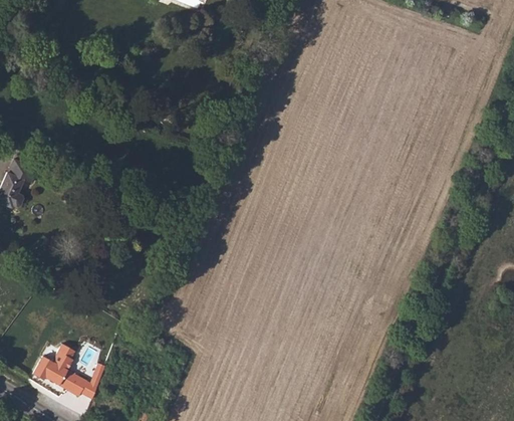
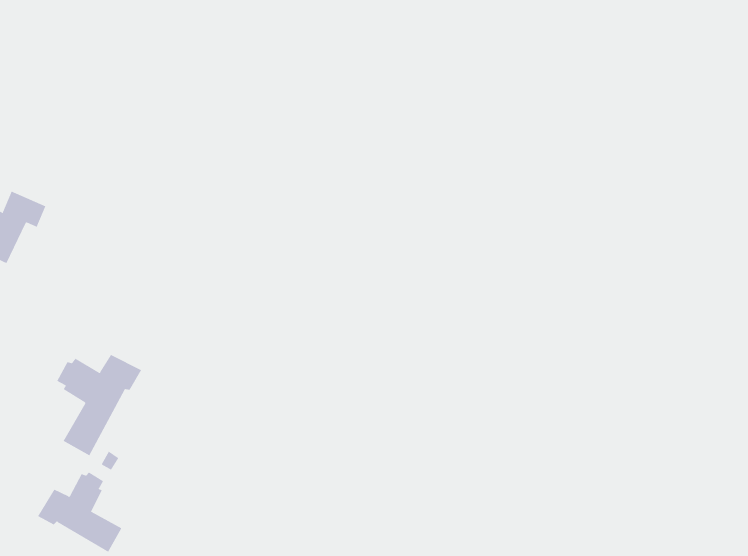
building: none -> [57,354,142,456]

